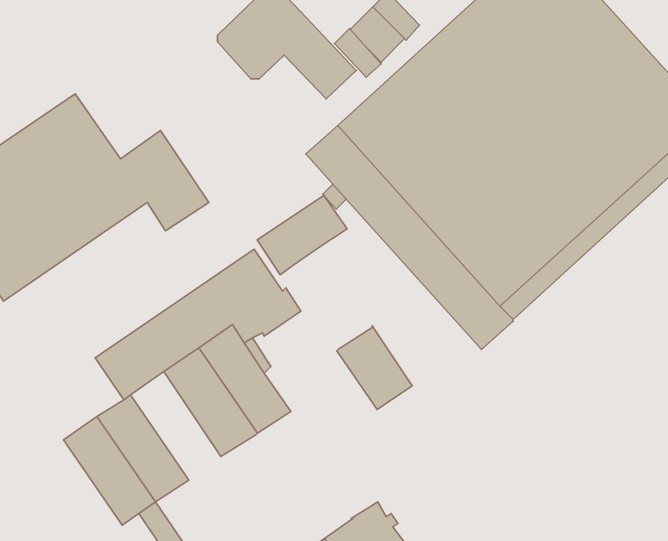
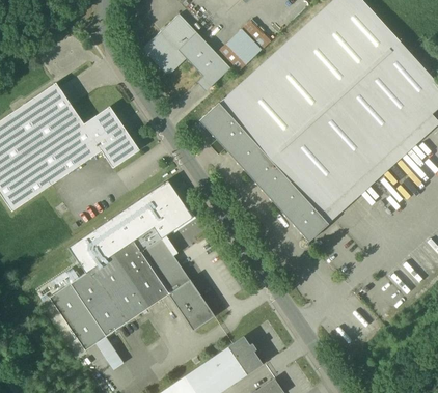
building: [257,196,347,275] -> none
building: [337,326,412,409] -> [169,279,216,331]
building: none -> [91,255,147,322]

